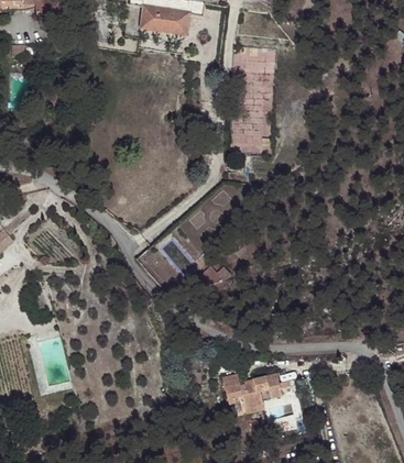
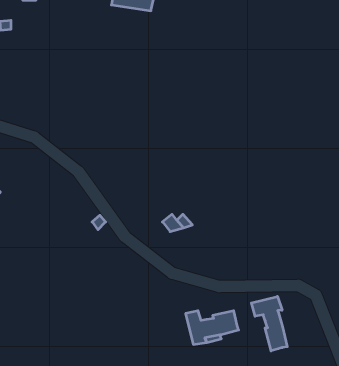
building: none -> [251,296,287,351]

